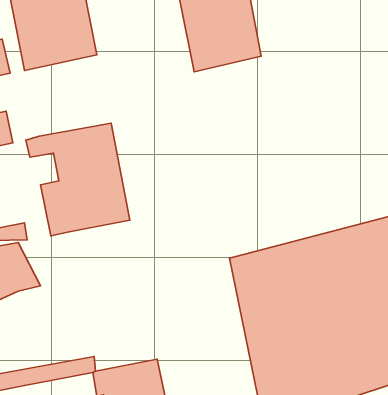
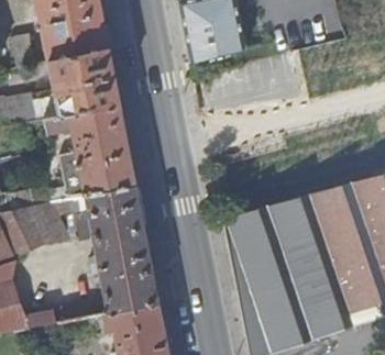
building: none -> [47,47,120,115]
building: none -> [76,186,158,312]

